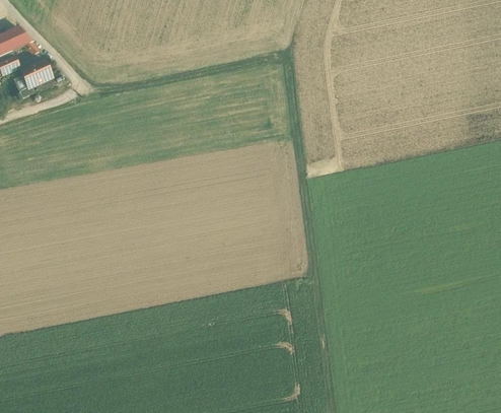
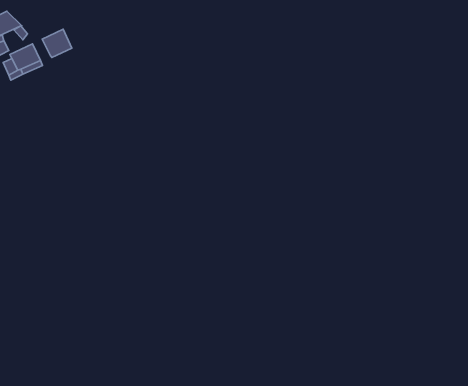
building: none -> [42,29,72,57]

